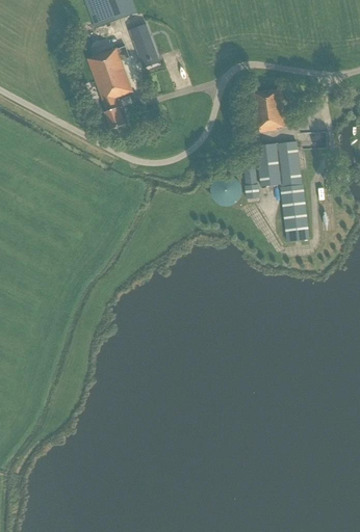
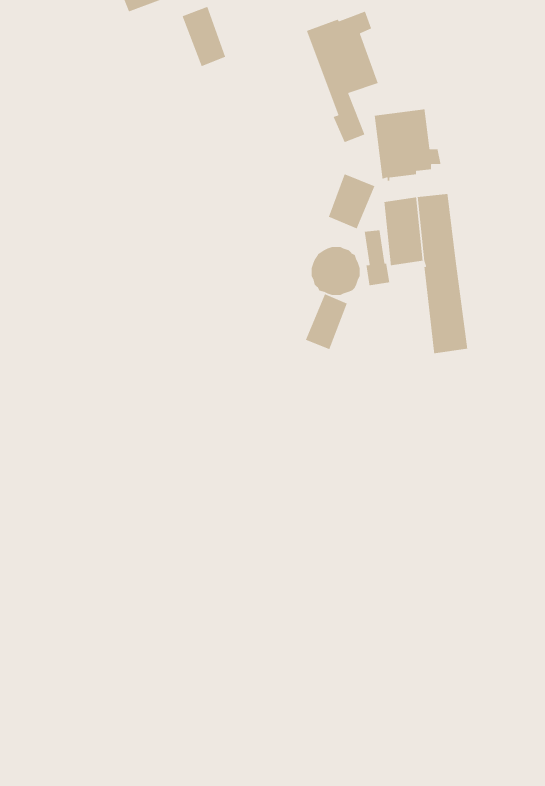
building: [87,45,133,128] -> [306,10,379,143]
building: none -> [328,173,375,230]
building: none -> [305,293,348,350]

